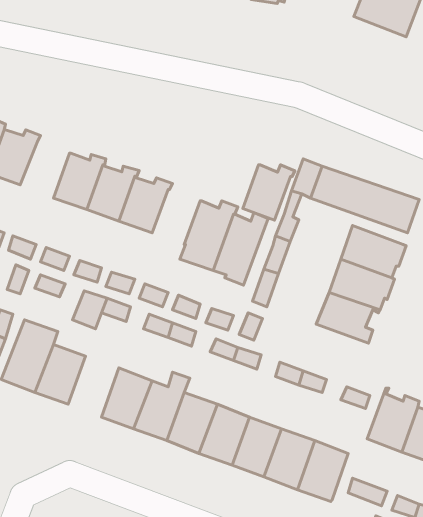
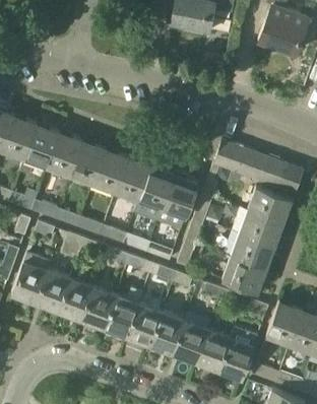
building: none -> [19,127,61,173]
building: [243,165,295,220] -> [116,160,152,199]
building: none -> [223,255,269,291]
building: none -> [57,277,92,320]

